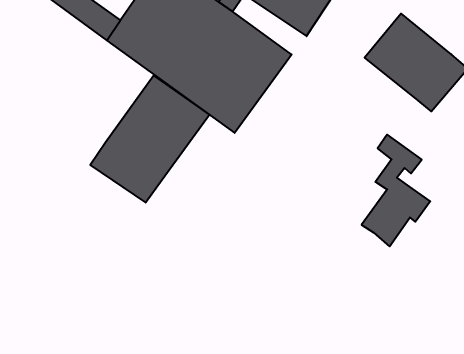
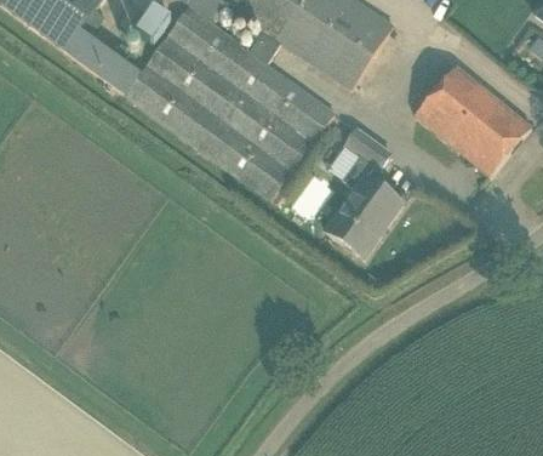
building: [90,76,209,203] -> none
building: [362,135,430,246] -> [326,126,404,252]

